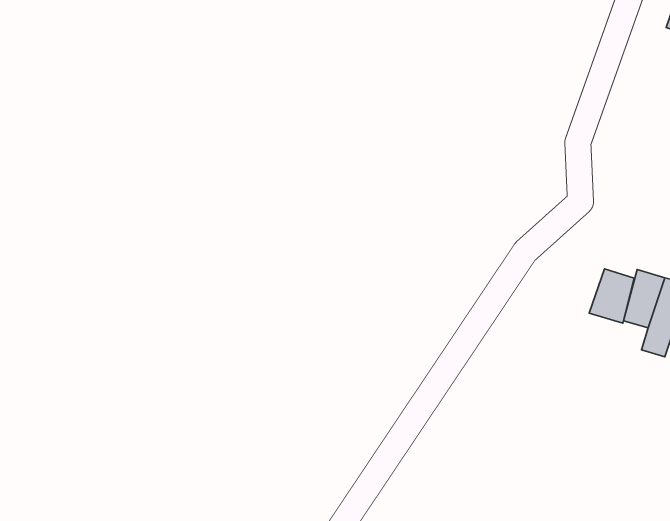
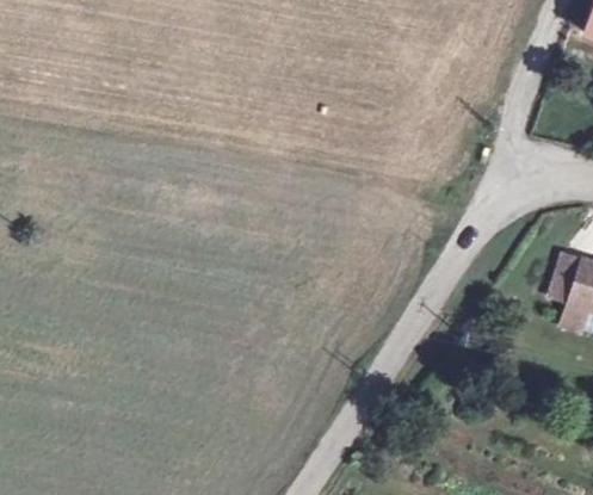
building: [589,269,634,323] -> none

